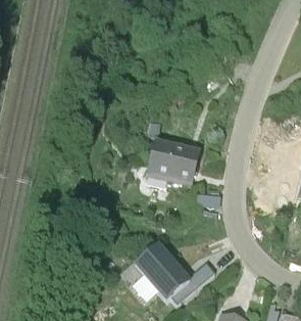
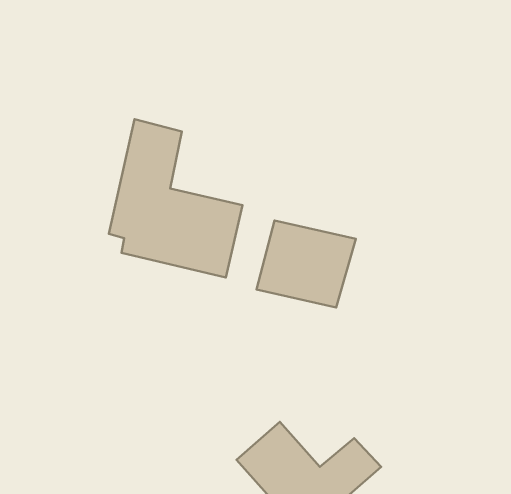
building: none -> [109,119,242,278]

